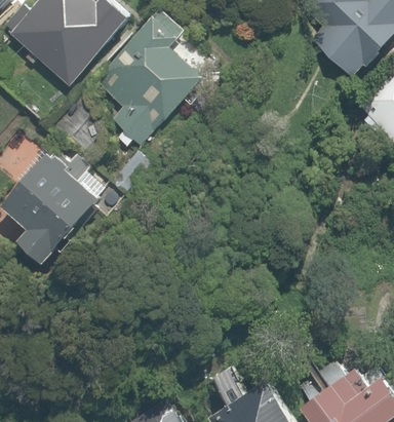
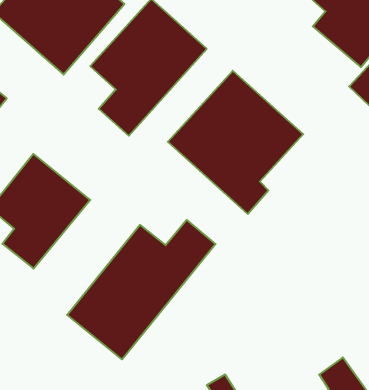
building: none -> [168,71,303,214]
building: none -> [67,220,216,359]

